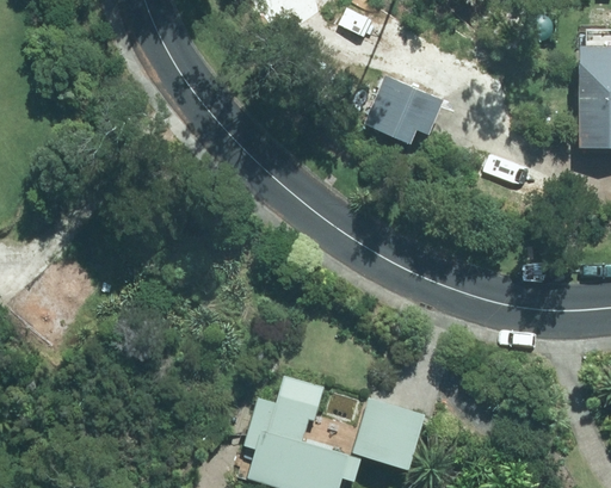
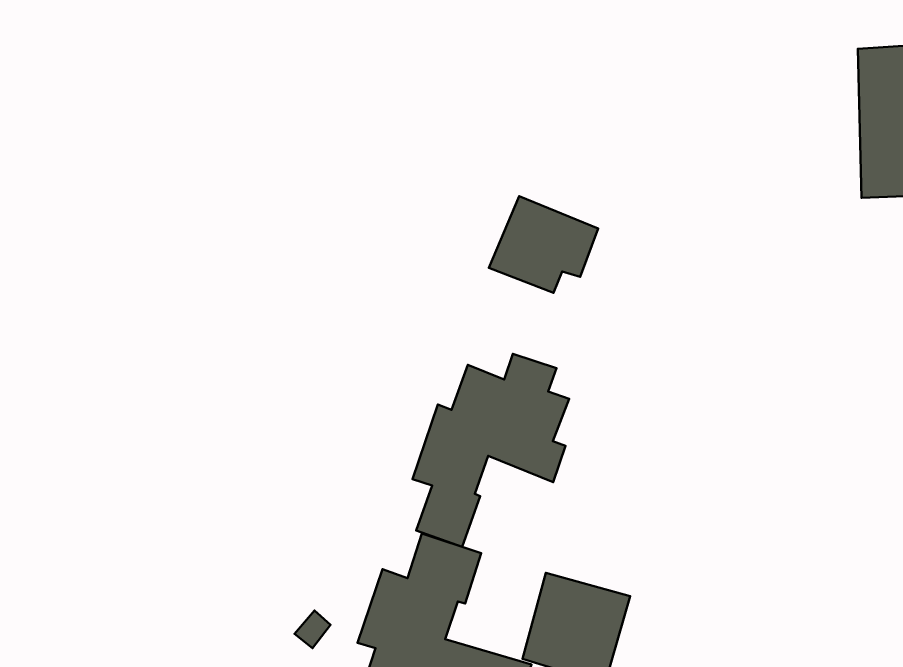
building: [368,79,440,143] -> [489,196,598,293]
building: none -> [412,354,569,547]

